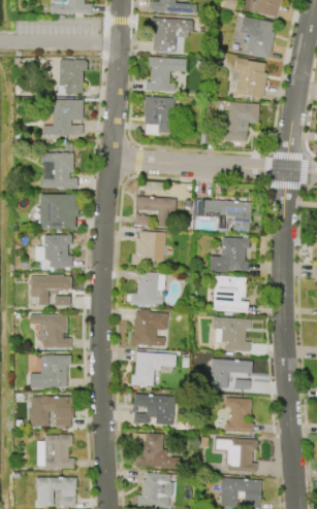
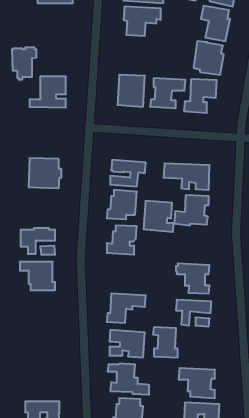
building: [146,57,187,92] -> [150,78,186,108]
building: [59,59,88,96] -> [12,48,37,80]
building: [40,152,77,188] -> none
building: [36,235,72,271] -> none
building: [214,276,249,312] -> [144,201,174,232]
building: [130,308,167,346] -> none
building: [30,355,71,388] -> none
building: [31,397,74,430] -> none
building: [225,398,254,433] -> [153,327,178,357]
building: [37,435,74,468] -> none

